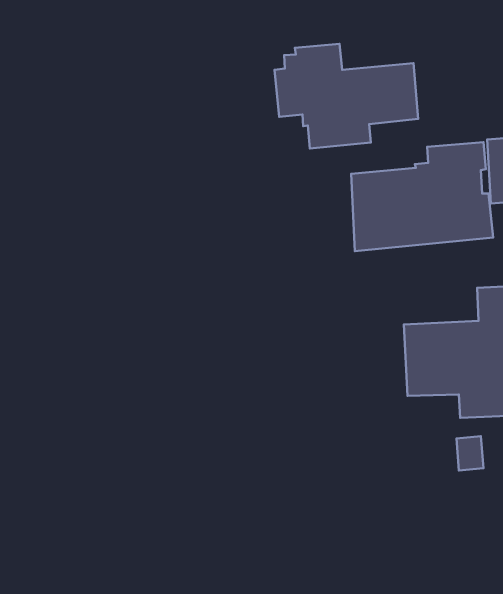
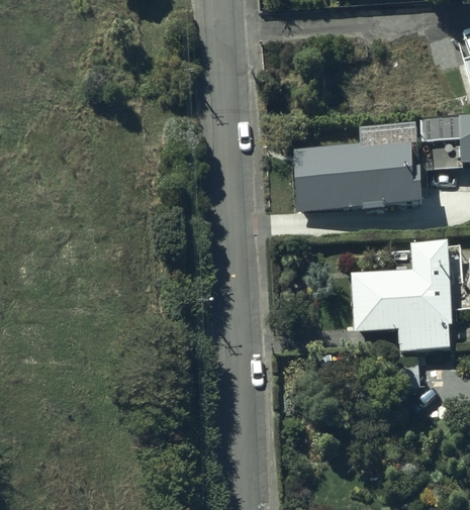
building: [274,44,418,149] -> none

